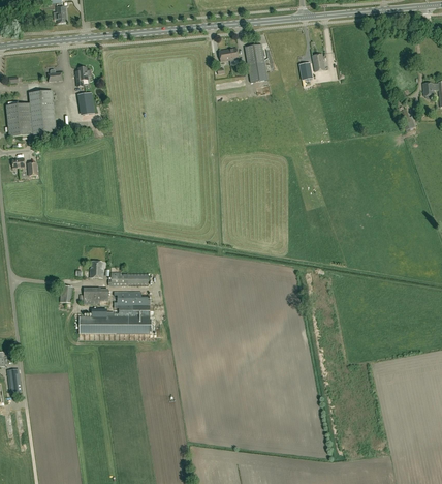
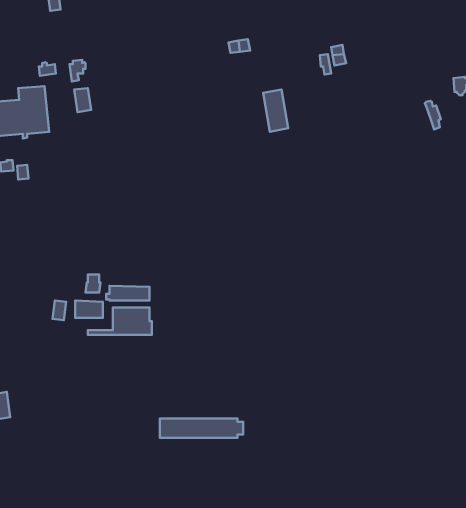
building: [245,43,267,82] -> [263,90,288,132]
building: [80,315,155,333] -> [160,419,243,438]

